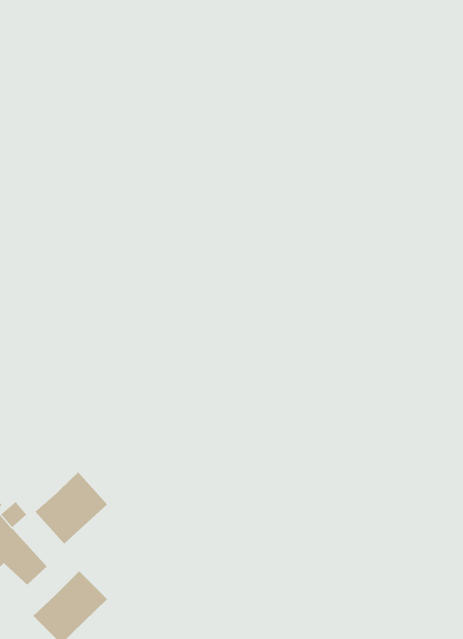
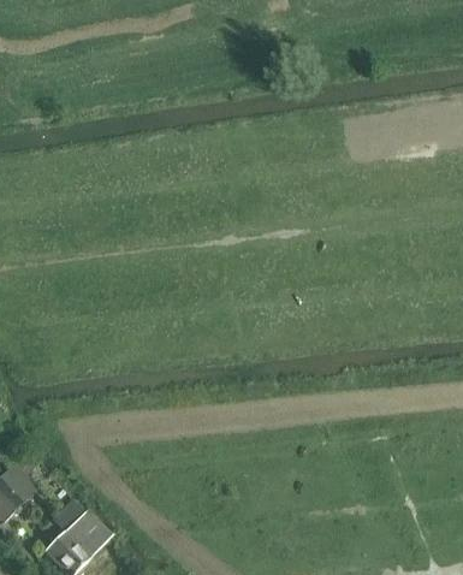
building: [35,471,108,545] -> none

